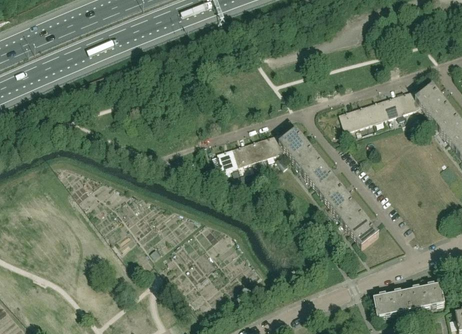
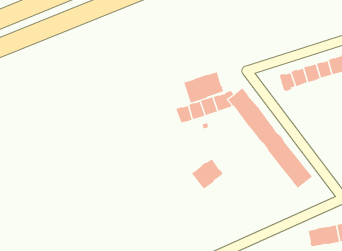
building: none -> [184,72,224,103]
building: none -> [191,158,224,190]

